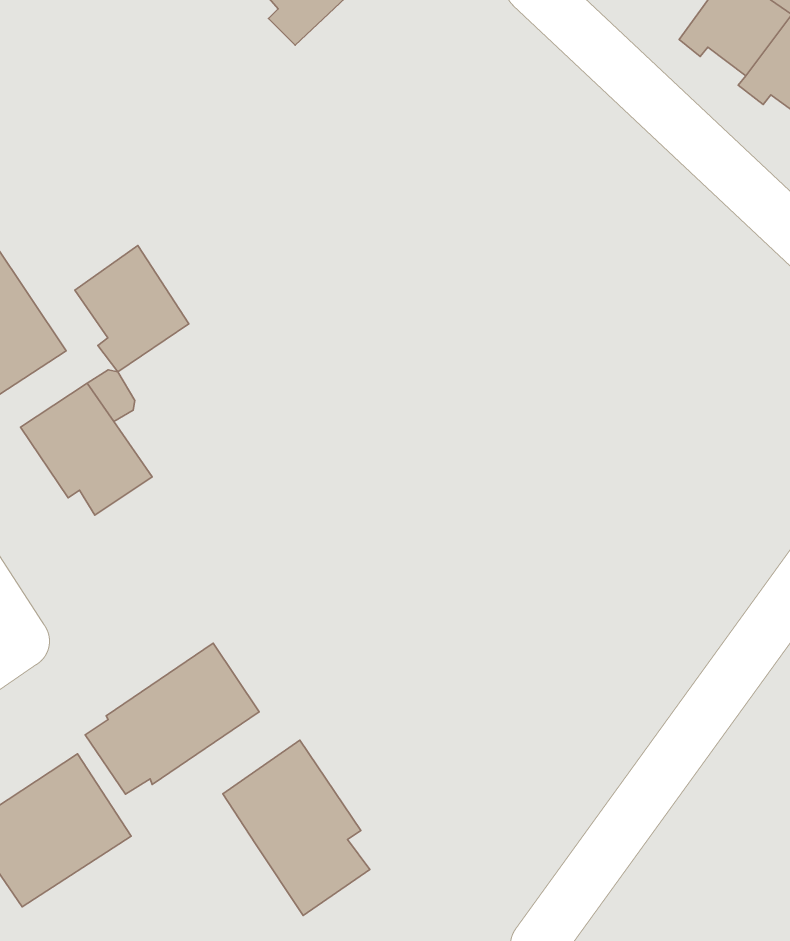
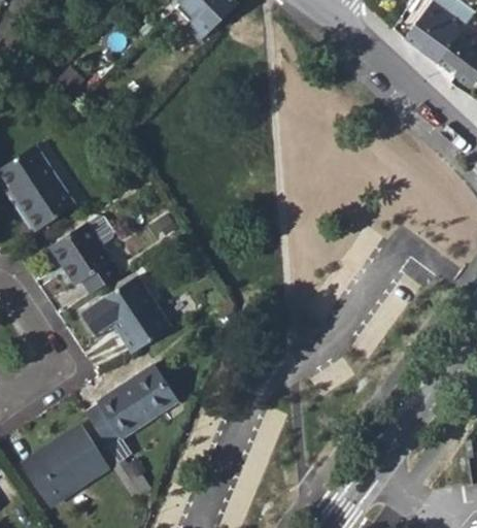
building: [75,246,189,372] -> none
building: none -> [81,276,170,354]
building: [223,740,370,915] -> none

